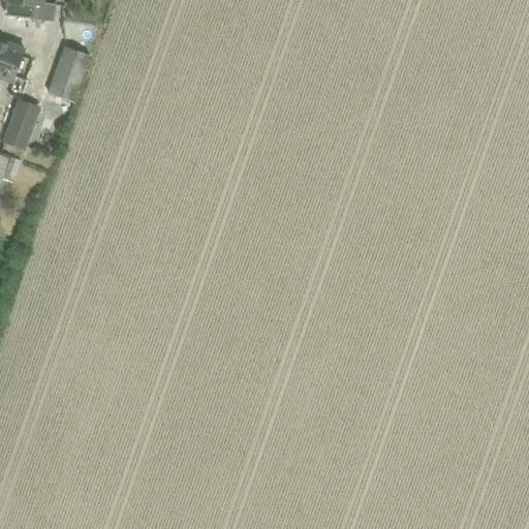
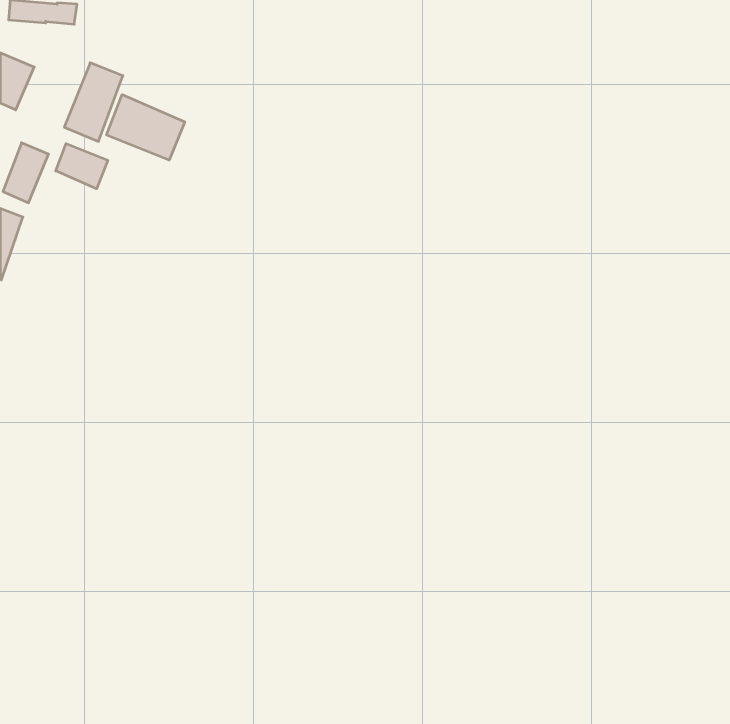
building: none -> [107,95,185,160]
building: none -> [56,144,108,189]

